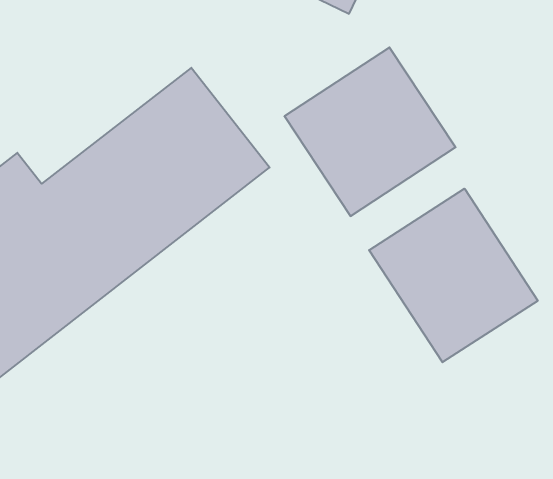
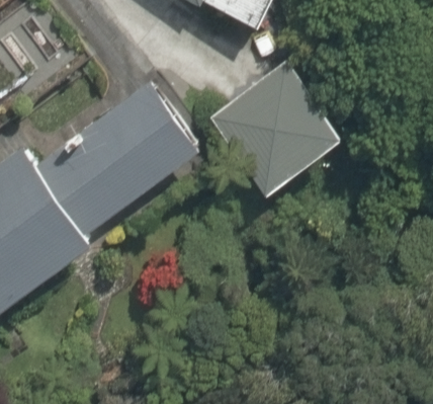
building: [369,189,538,362] -> none

